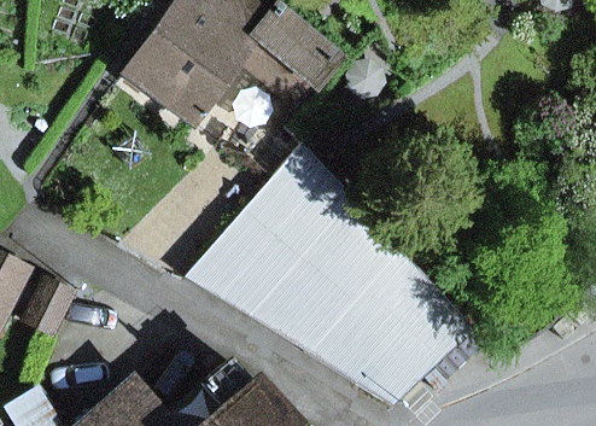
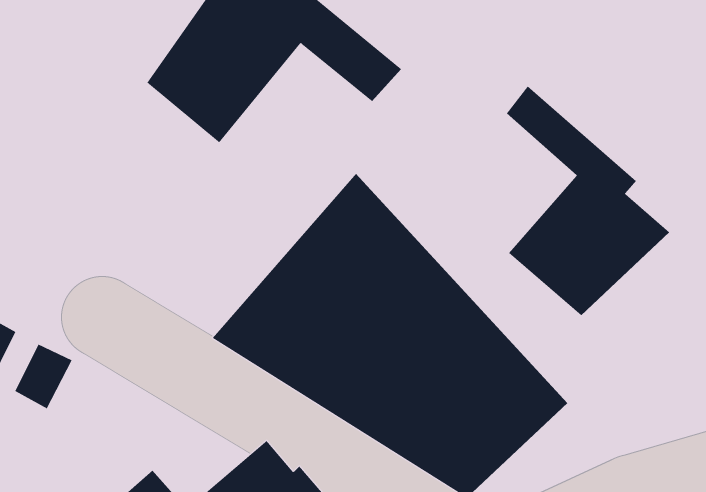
building: none -> [506,86,670,316]

